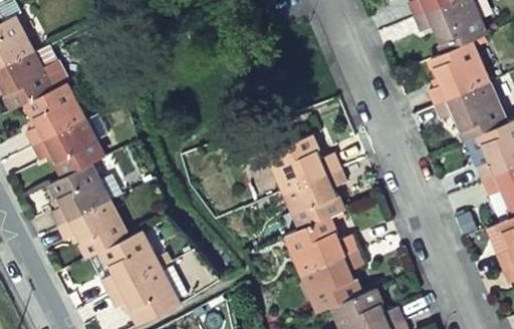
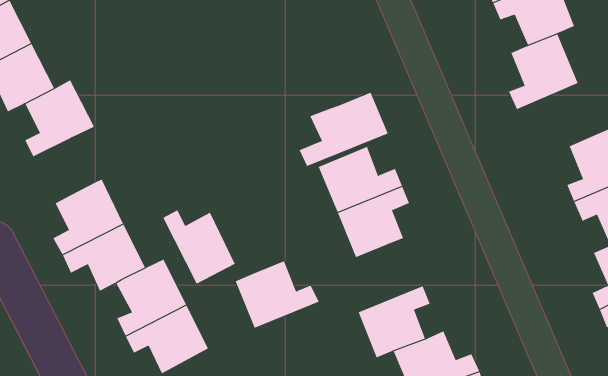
building: [435,83,503,141] -> none
building: none -> [299,92,388,167]
building: [34,119,104,176] -> none
building: none -> [162,209,236,285]
building: [287,217,357,273] -> [235,261,320,328]

